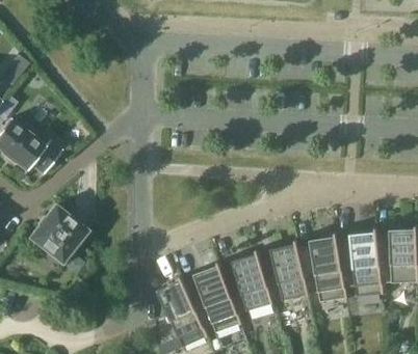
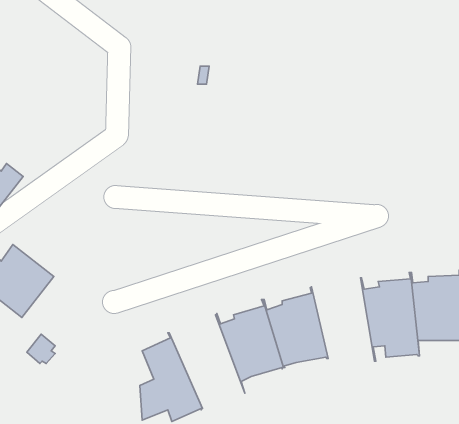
building: [297,232,348,302] -> none
building: [182,262,243,337] -> none

